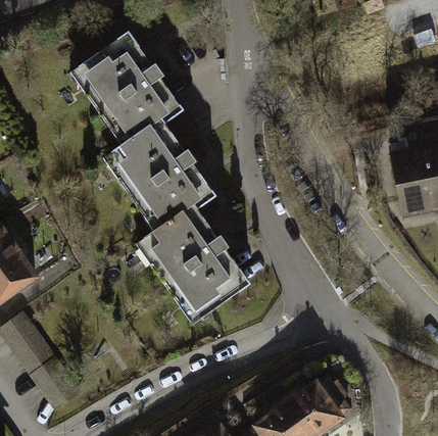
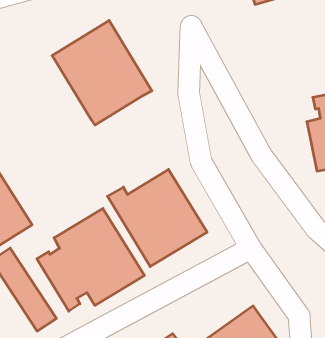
building: [109,122,231,243] -> none
building: none -> [37,208,144,311]

